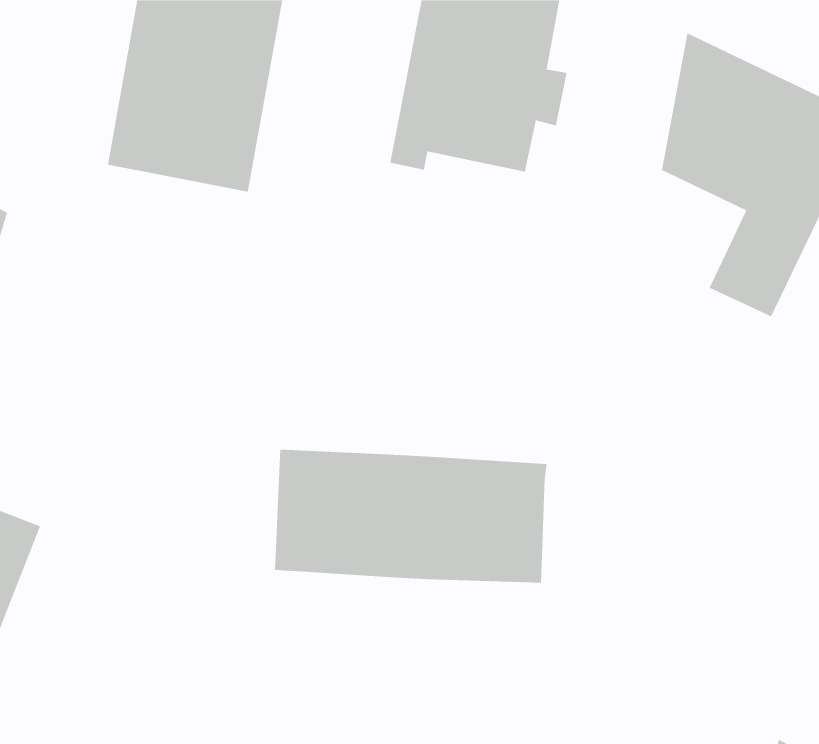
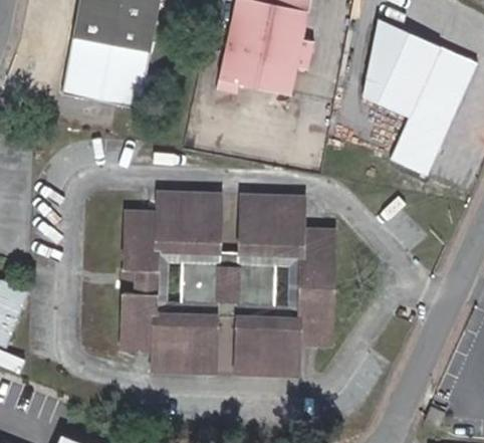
building: none -> [119,191,221,372]
building: none -> [235,194,336,375]

